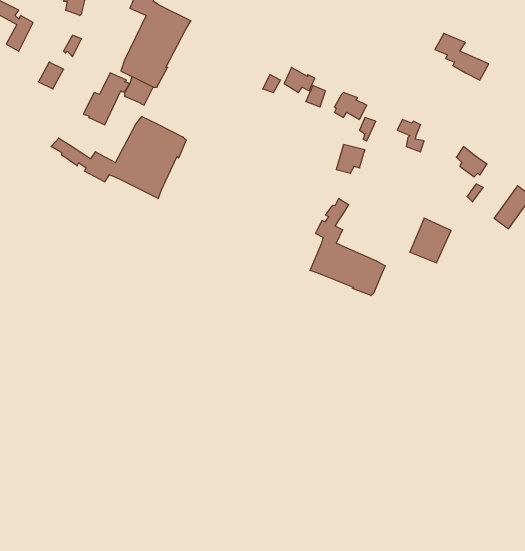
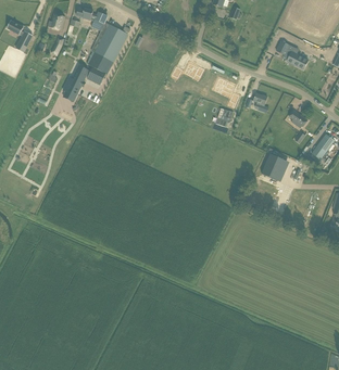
building: [51,116,186,199] -> none
building: [310,198,385,296] -> none

